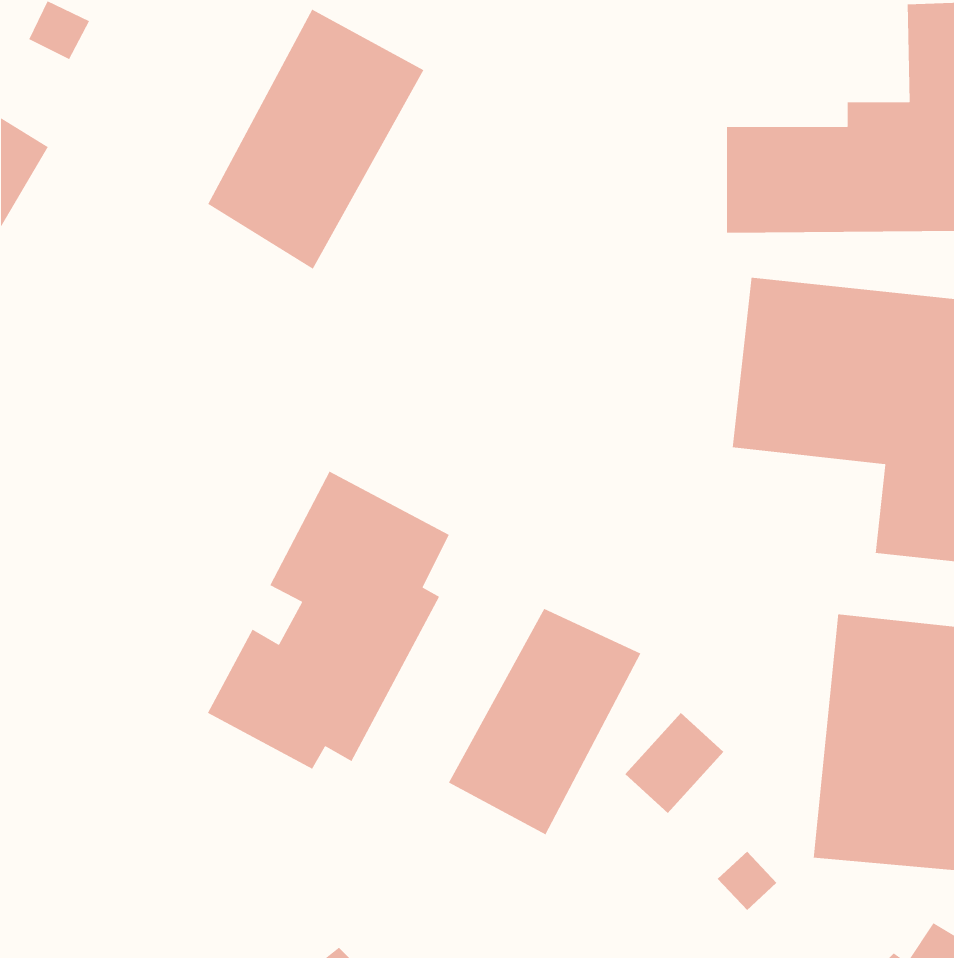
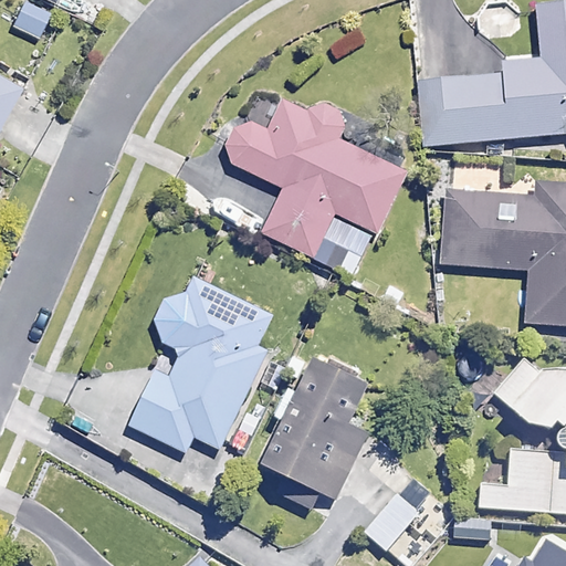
building: [207,8,425,270] -> none
building: none -> [224,102,406,260]
building: [625,712,724,814] -> [363,492,421,552]

